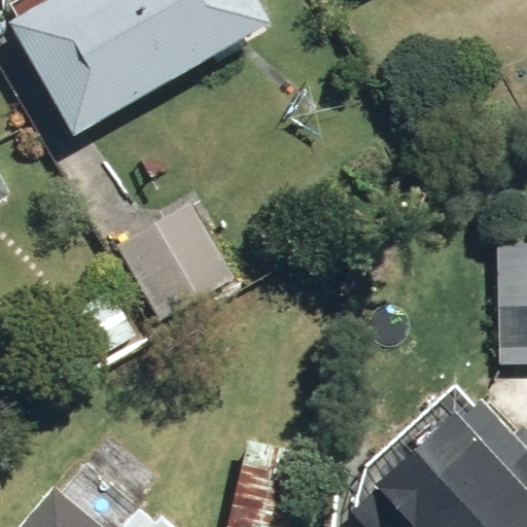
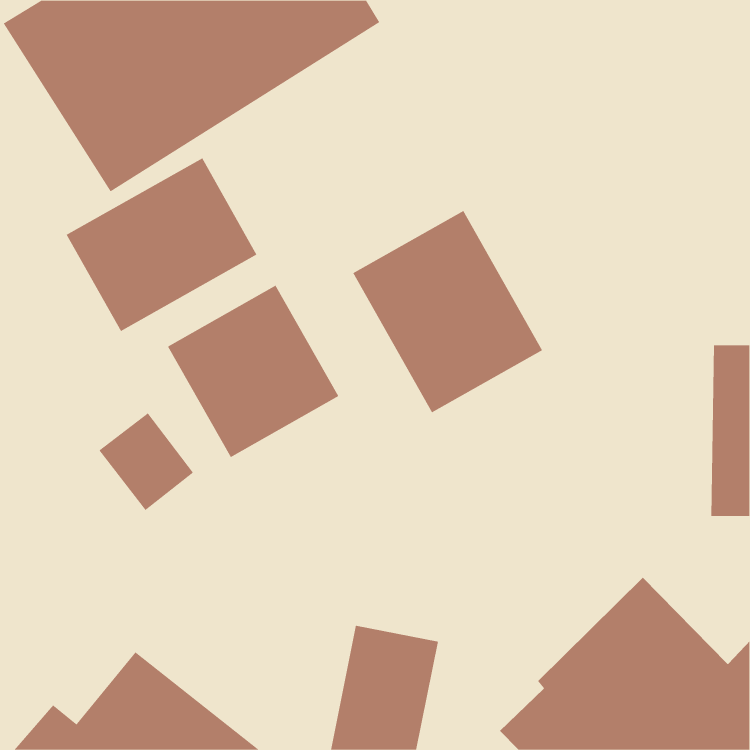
building: none -> [66,157,257,332]
building: none -> [352,210,543,413]

